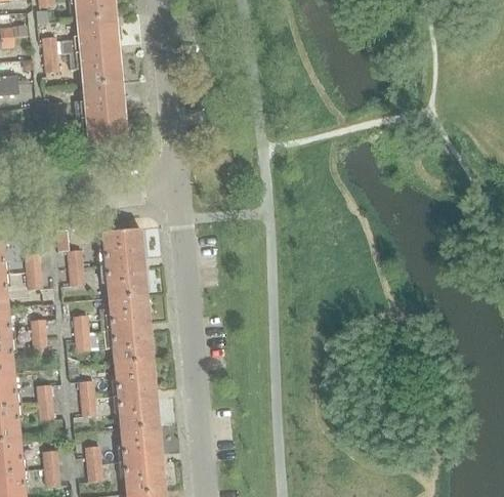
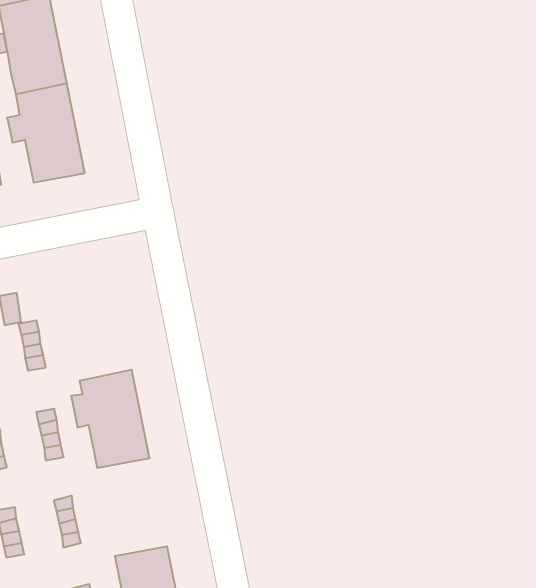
building: [101,227,146,297] -> none
building: [114,359,159,427] -> none

